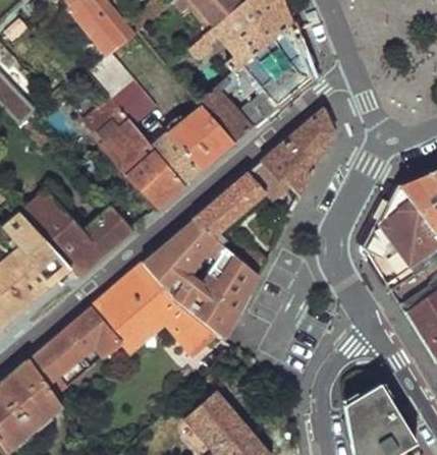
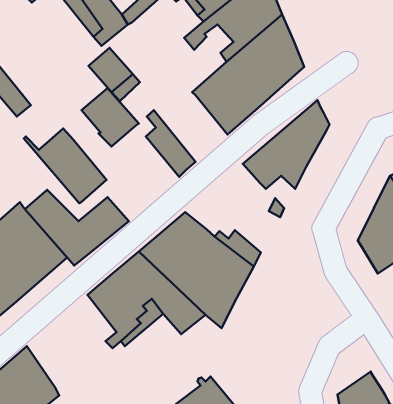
building: [159,105,233,172] -> none
building: [101,135,184,211] -> [24,128,106,203]
building: [190,174,266,240] -> none
building: [31,306,121,400] -> none

